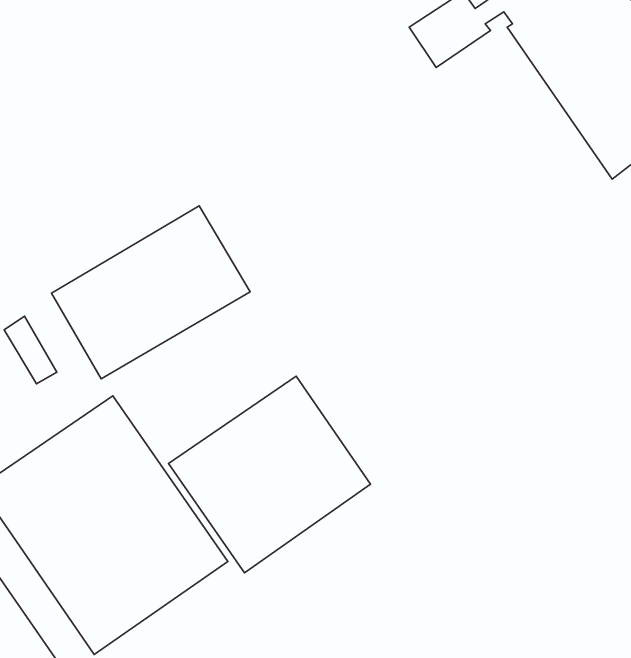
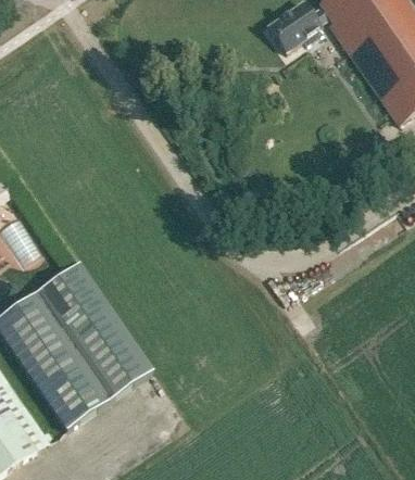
building: [51,206,250,379] -> none
building: [168,376,370,573] -> none

